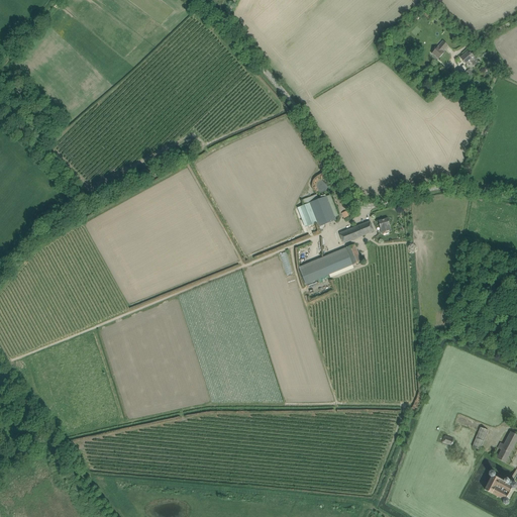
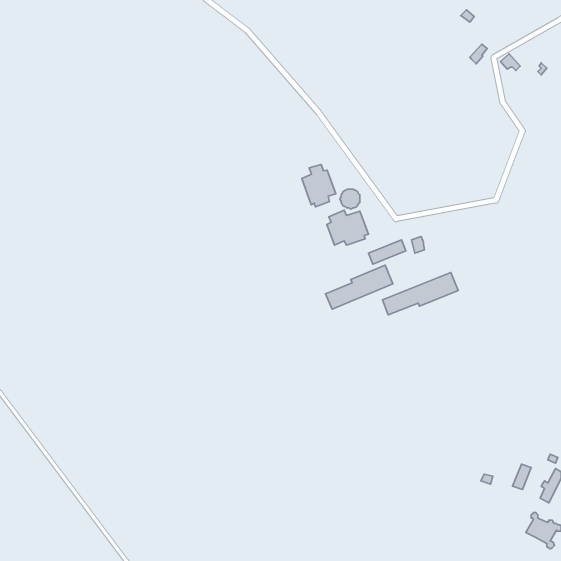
building: none -> [302,165,336,207]
building: none -> [382,273,458,315]

